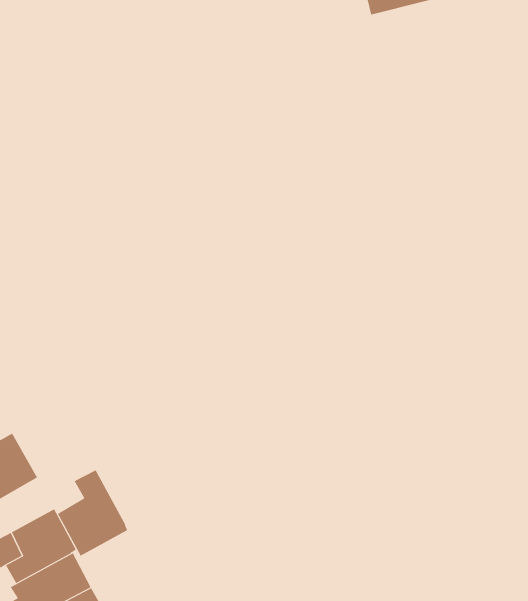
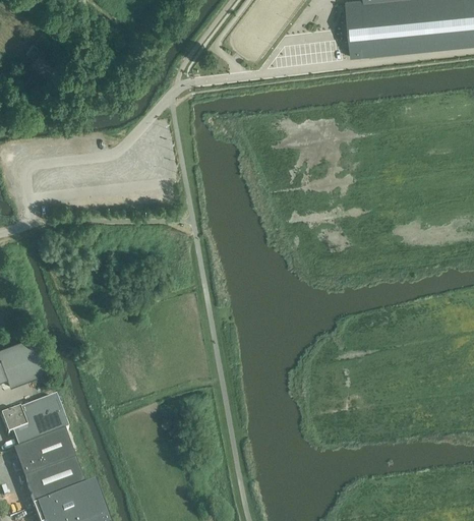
building: [57,470,128,556] -> none

